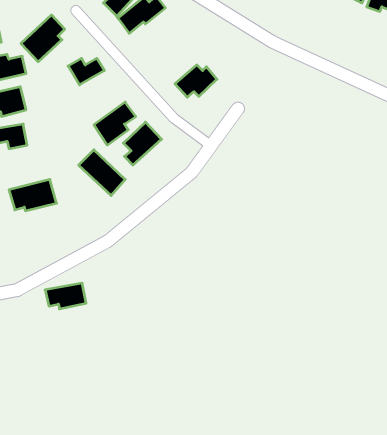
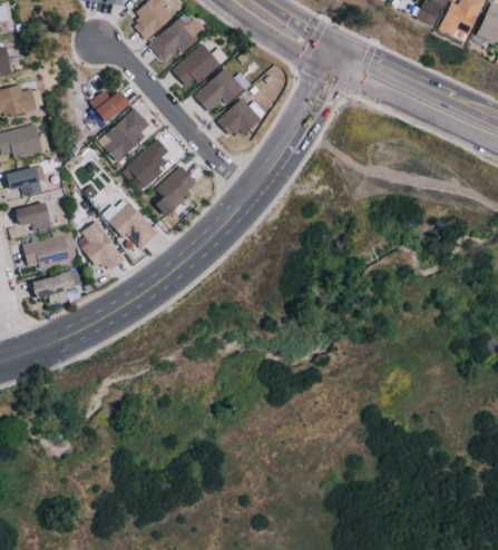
building: [21,15,65,62] -> [97,108,148,163]
building: none -> [170,42,218,89]
building: none -> [193,68,243,111]
building: none -> [16,204,51,230]
building: none -> [78,220,124,271]
building: [45,283,86,309] -> [32,272,80,302]

